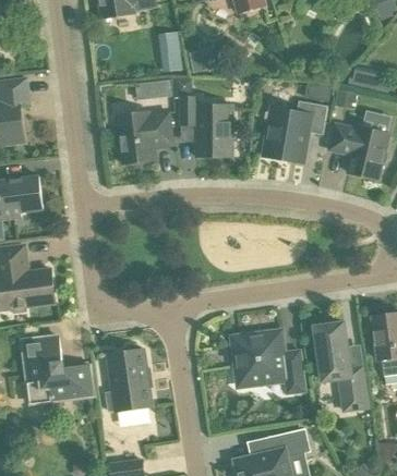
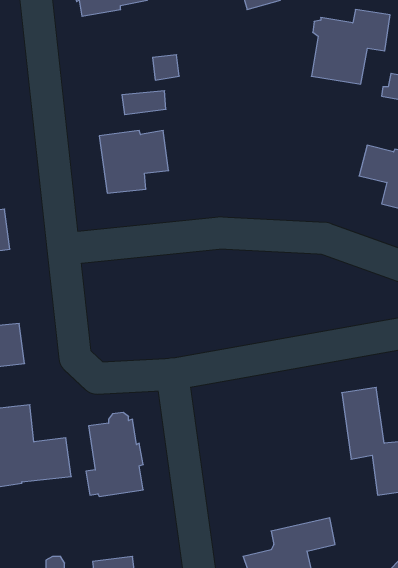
building: [181,98,232,157] -> none
building: [263,101,327,162] -> [311,10,390,84]
building: [233,331,305,393] -> none

